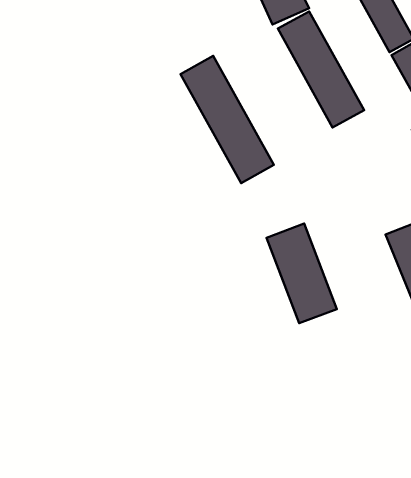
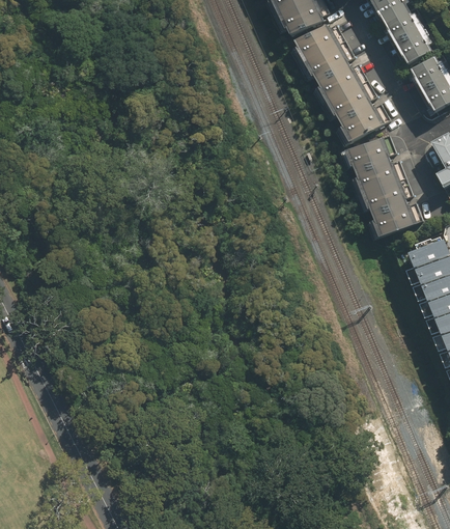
building: [180,56,274,183] -> none
building: [267,224,337,323] -> [345,136,417,238]

